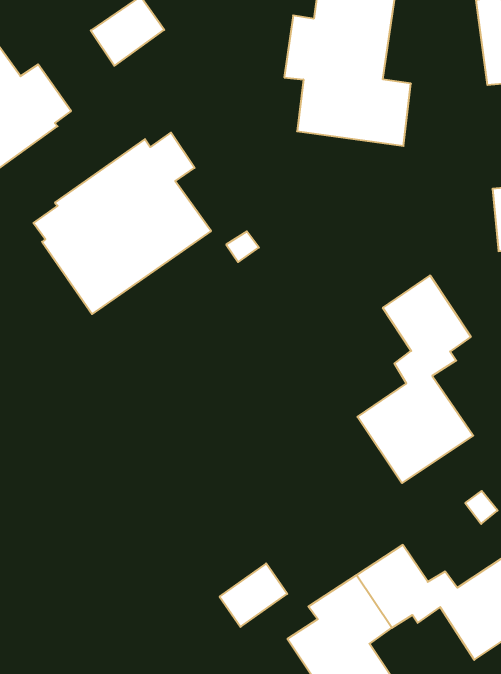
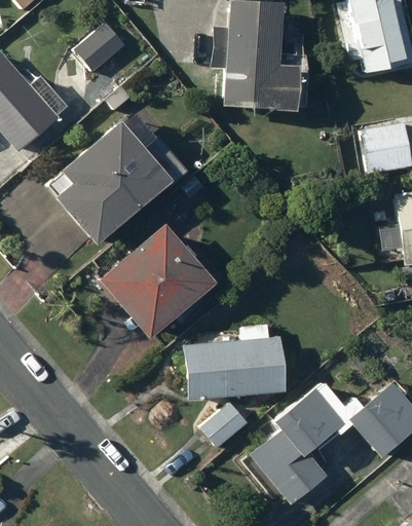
building: [357,275,473,483] -> none
building: none -> [100,222,216,337]
building: none -> [185,324,286,400]

